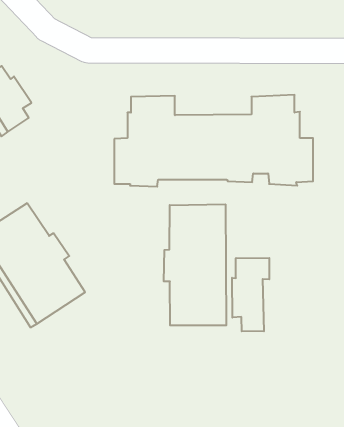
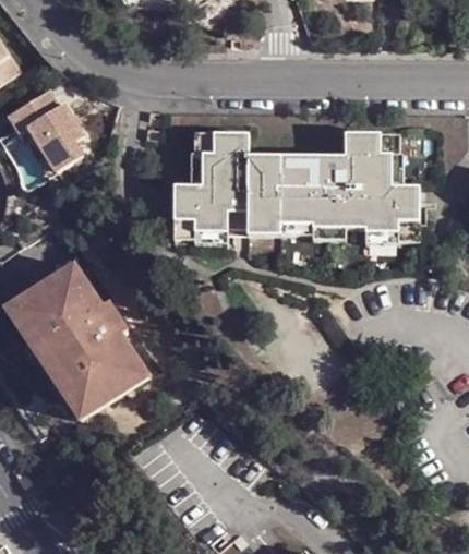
building: [164,204,226,325] -> none
building: [232,258,269,331] -> none

